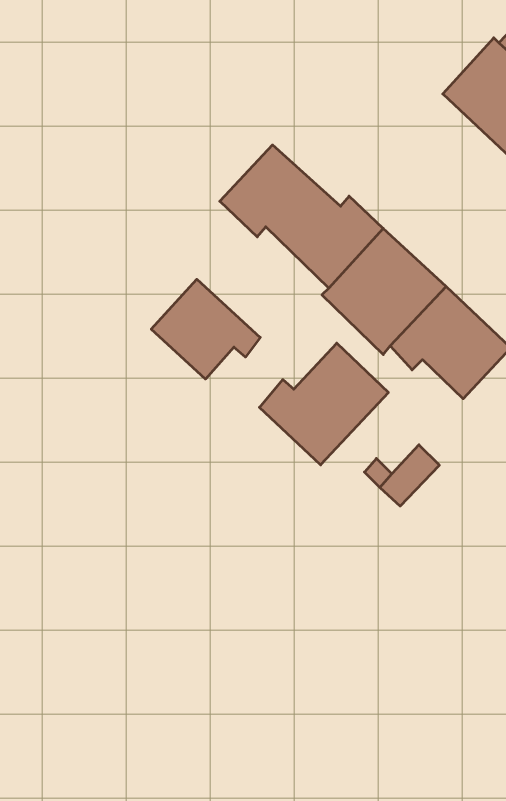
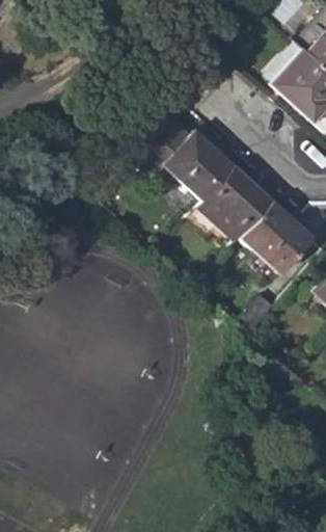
building: [151,279,260,379] -> none
building: [259,343,388,465] -> none

